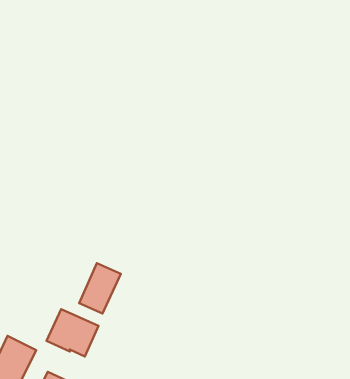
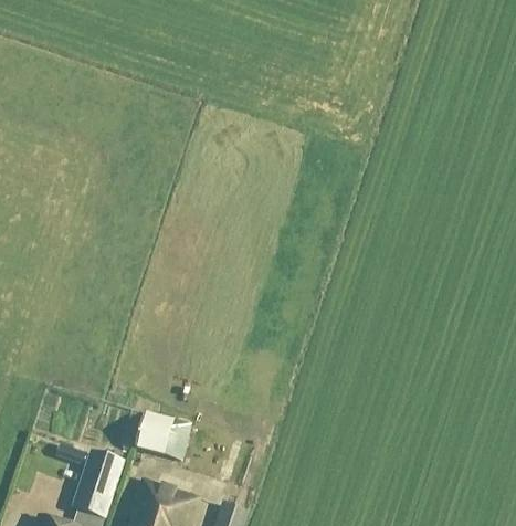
building: [79,263,121,313] -> none

